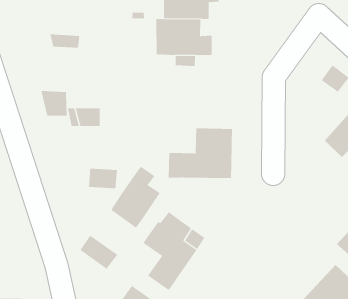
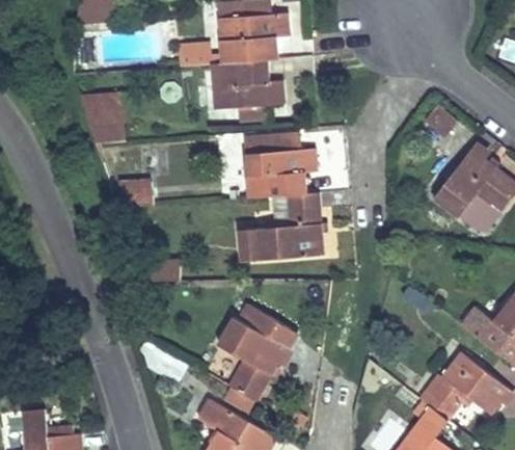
building: none -> [243,132,318,197]
building: [40,90,67,116] -> [85,108,121,140]
building: [110,166,161,229] -> none

